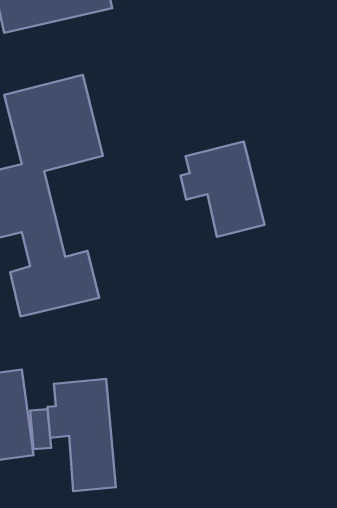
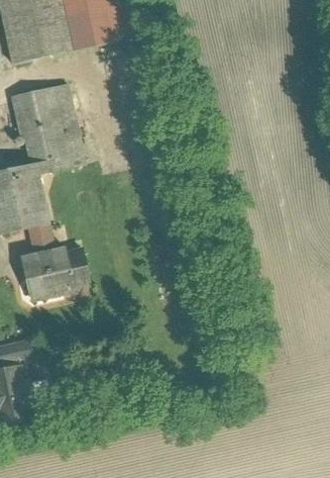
building: [181,142,265,237] -> none
building: [48,379,116,491] -> none

